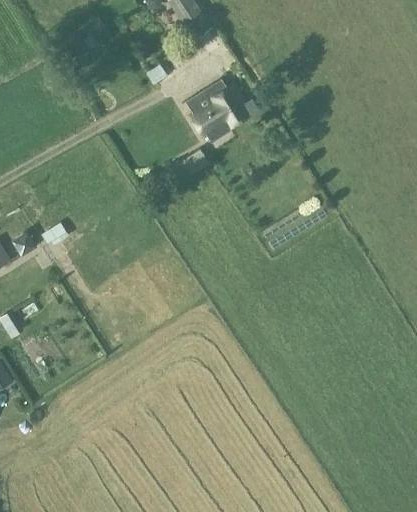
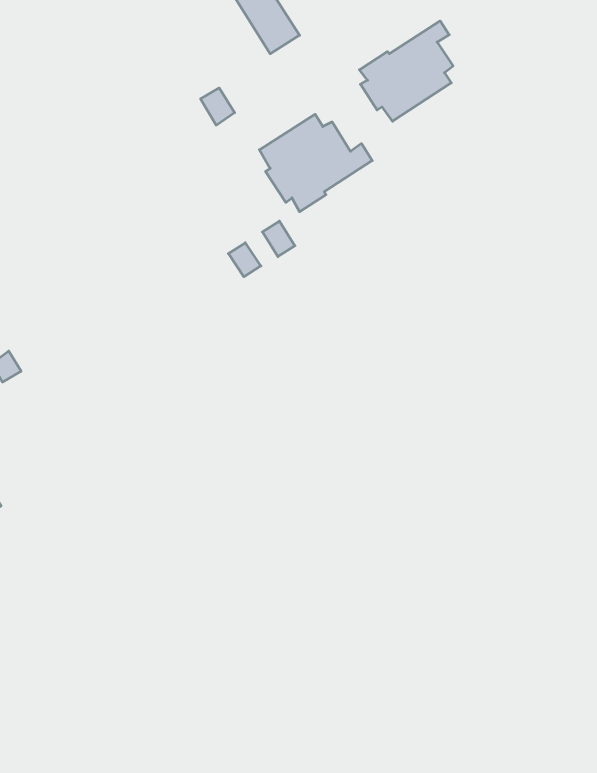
building: none -> [359,21,453,121]

